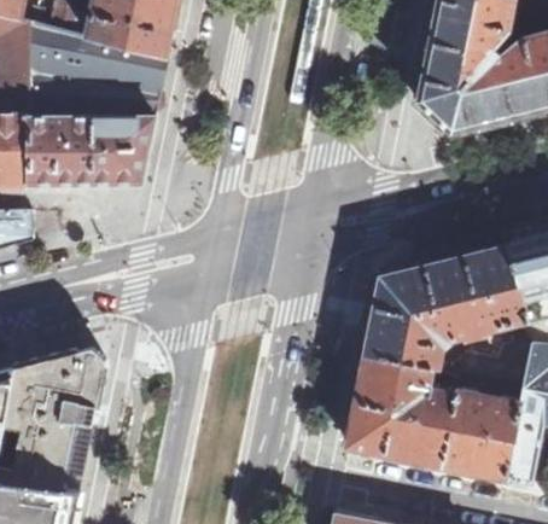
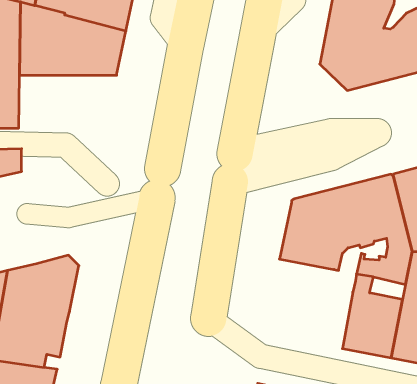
building: [29,116,155,184] -> none
building: [345,351,457,466] -> none

